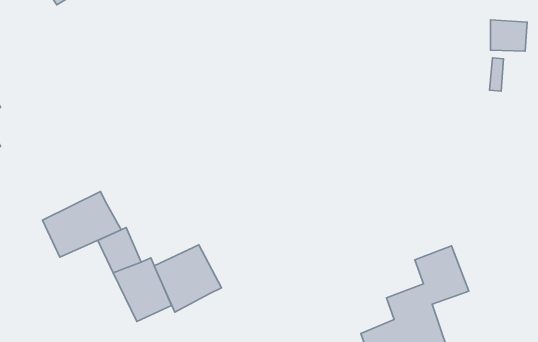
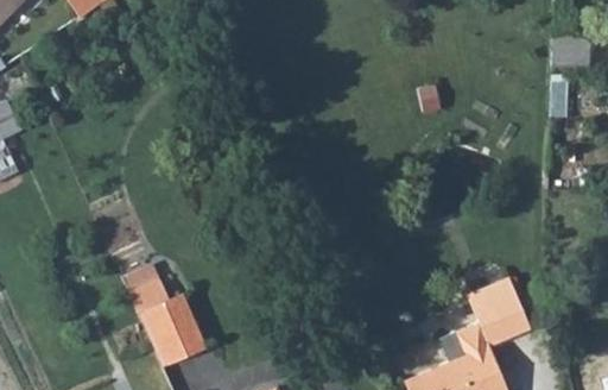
building: [43,192,121,257] -> none
building: [154,245,222,312] -> none

